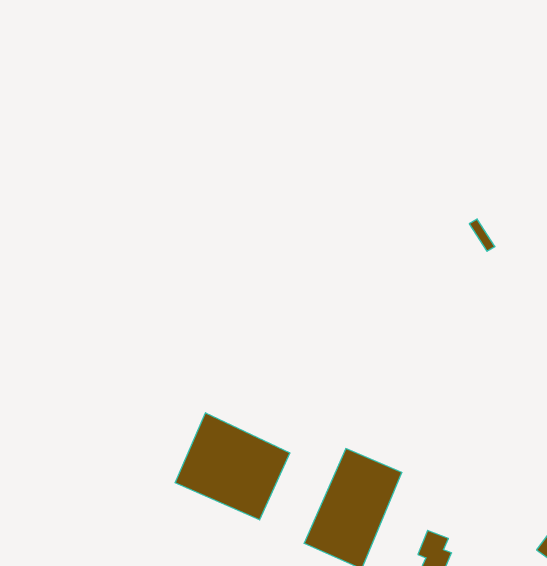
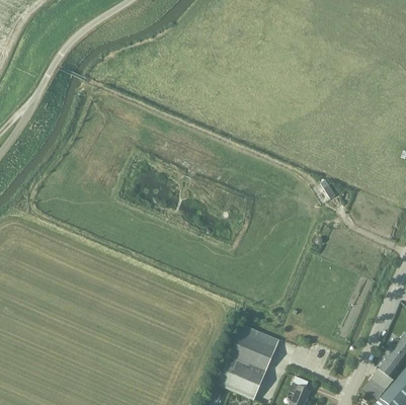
building: [175,413,290,520] -> none

